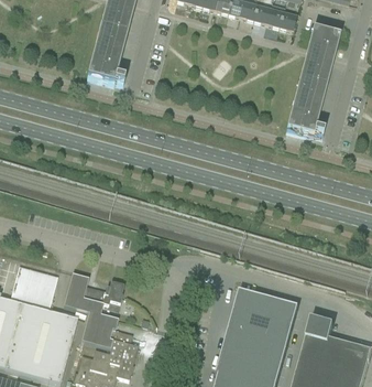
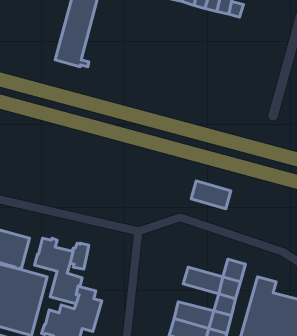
building: [285,30,339,137] -> none
building: [234,288,278,319] -> [191,181,231,209]
building: [223,326,269,356] -> none

